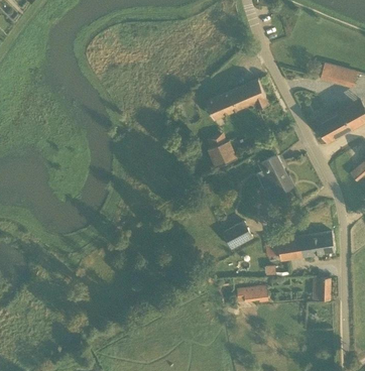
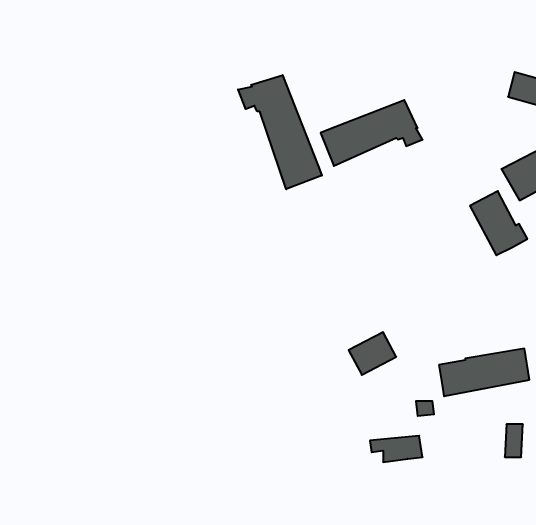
building: none -> [238,75,322,189]
building: [208,141,236,168] -> none
building: [258,155,293,195] -> [470,191,527,255]

